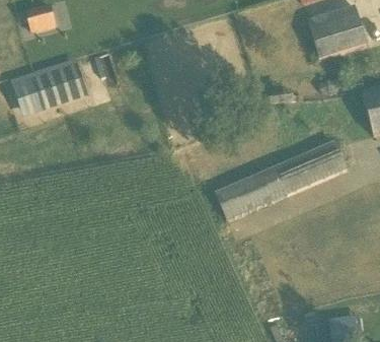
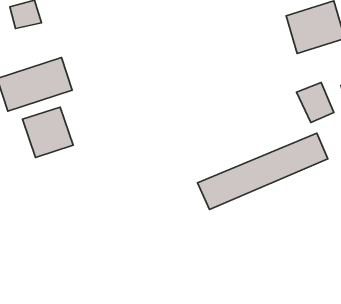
building: none -> [297,82,334,123]
building: none -> [23,107,73,157]

